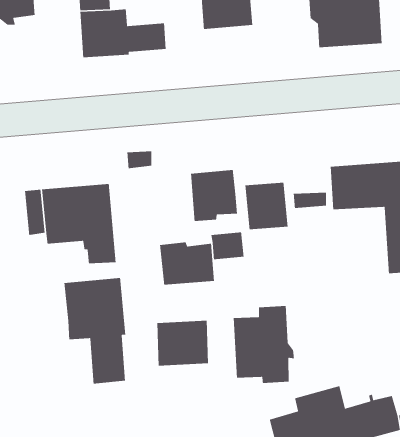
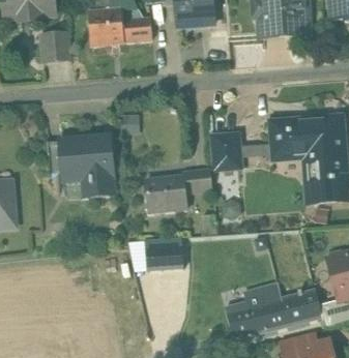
building: none -> [41,31,70,60]
building: [190,169,238,222] -> none
building: [63,277,126,385] -> none
building: [233,305,295,384] -> none

